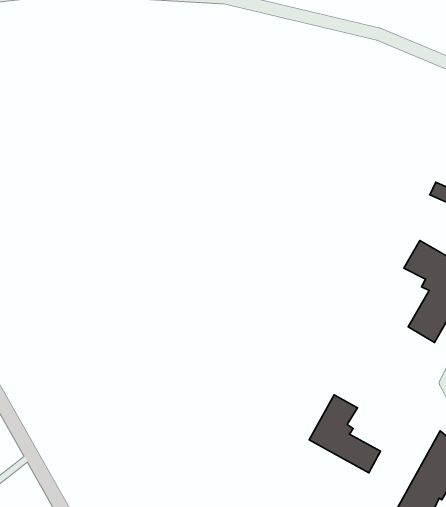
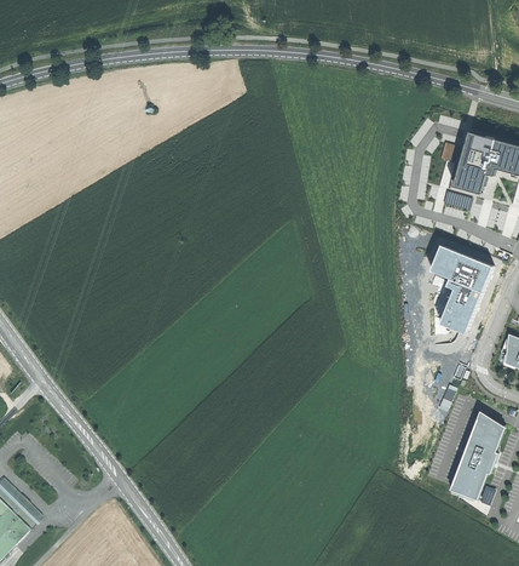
building: [309,395,381,473] -> none

